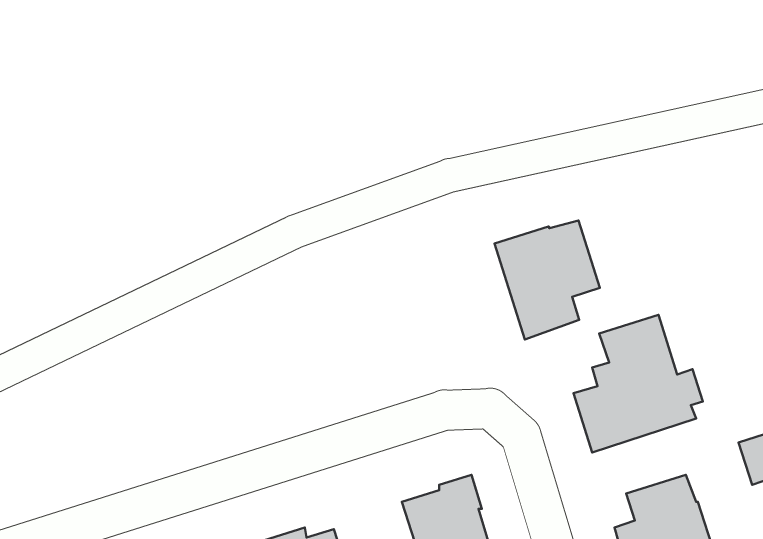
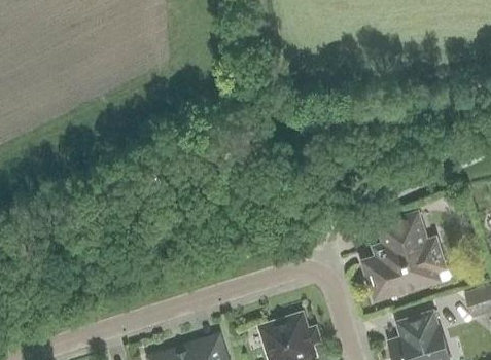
building: [494,221,600,340] -> none

